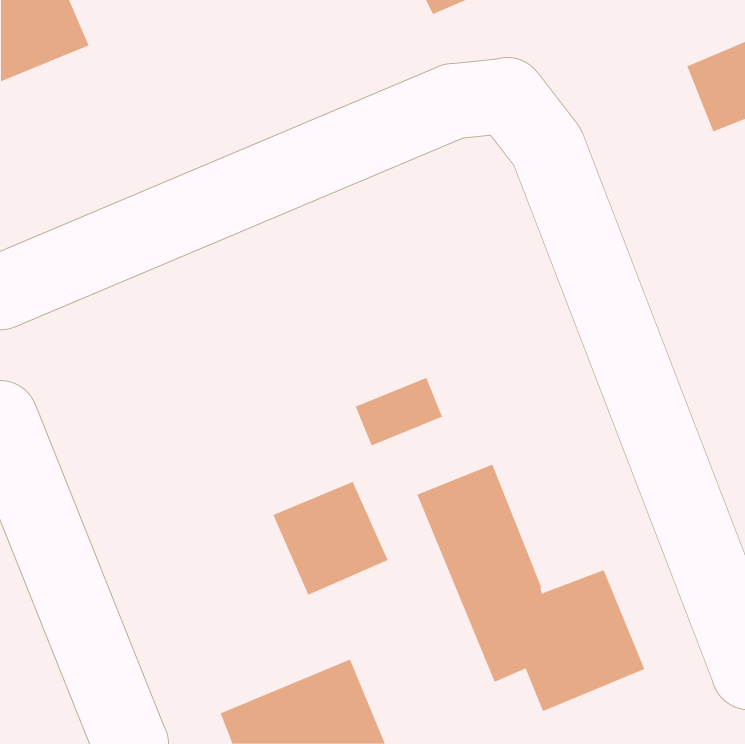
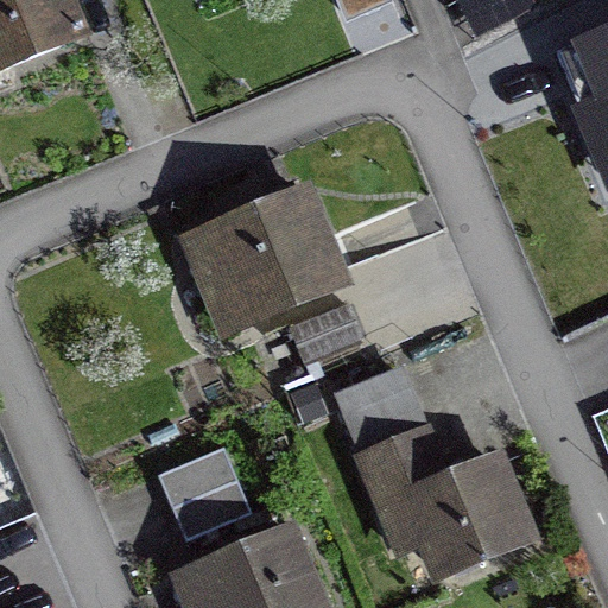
building: none -> [188,194,341,322]
building: [272,481,388,595] -> [158,449,252,542]

